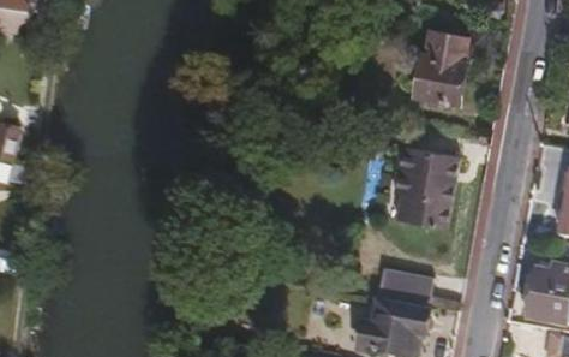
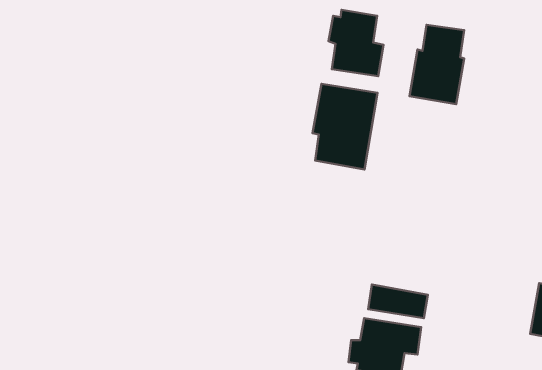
building: none -> [329,10,384,76]
building: [396,148,456,227] -> [313,84,377,169]

